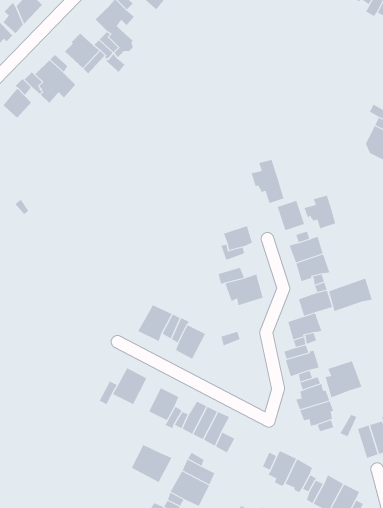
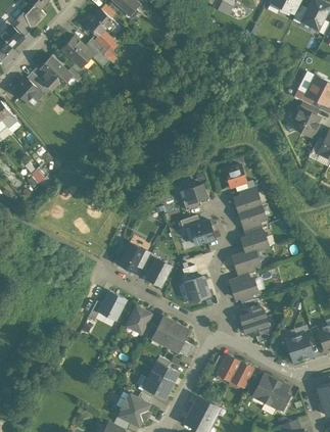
building: [251,159,284,204] -> none
building: [304,195,336,229] -> none
building: [328,278,373,312] -> none
building: none -> [183,276,209,302]
building: [325,360,362,398] -> none
building: [131,444,172,483] -> none

